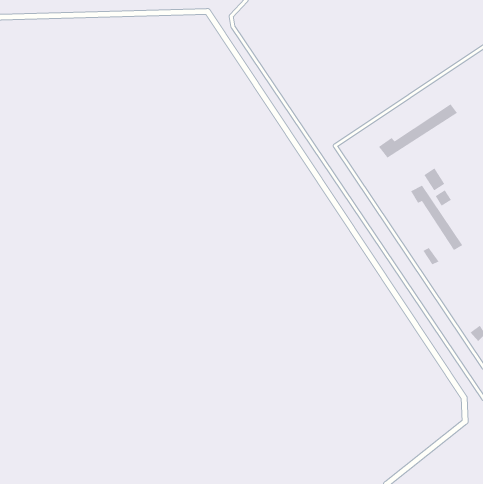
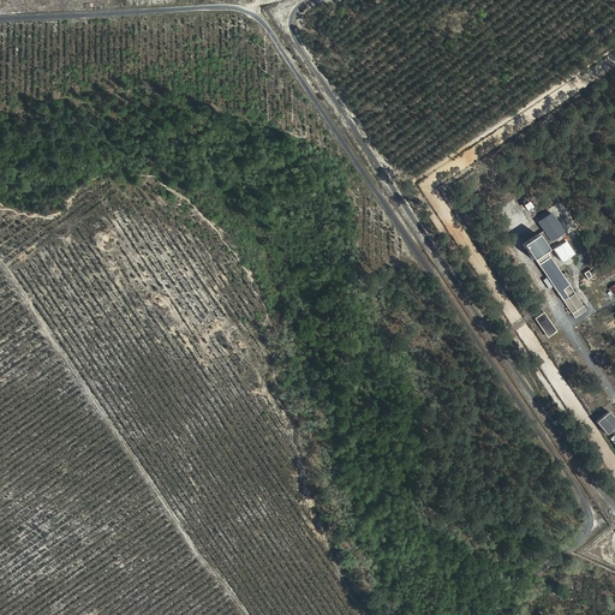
building: [378,103,458,159] -> none

